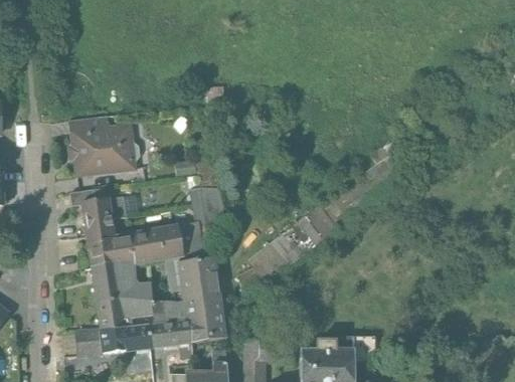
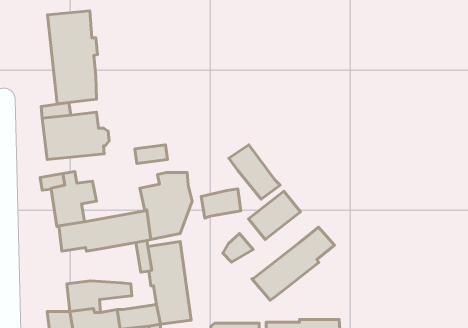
building: none -> [47,11,98,104]
building: none -> [229,145,280,199]
building: none -> [201,189,241,218]
building: none -> [252,227,335,300]
building: [93,263,153,301] -> none
building: [154,301,189,327] -> none

